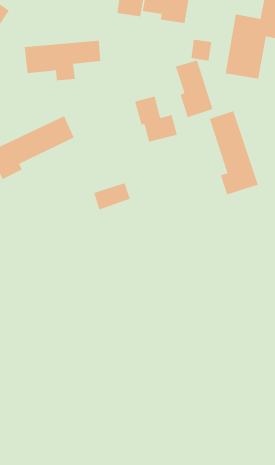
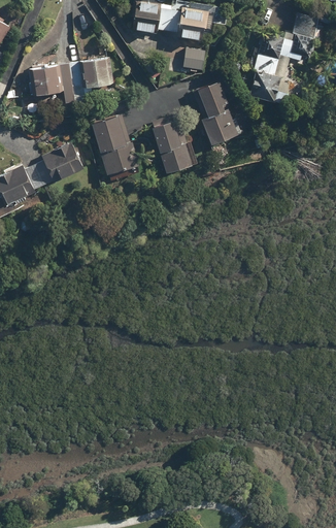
building: [190,39,212,61] -> [181,46,205,71]
building: none -> [89,116,126,153]
building: [209,110,259,196] -> none
building: [93,182,131,211] -> [98,146,139,177]

